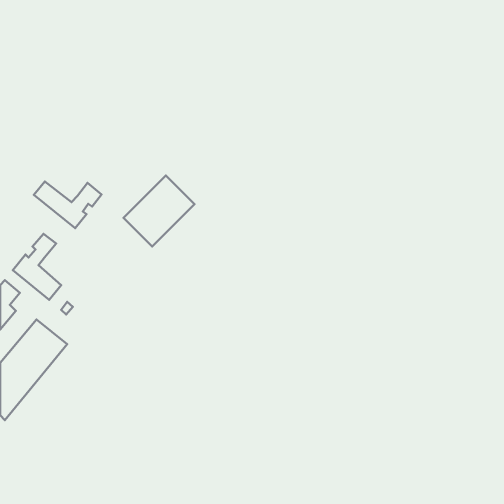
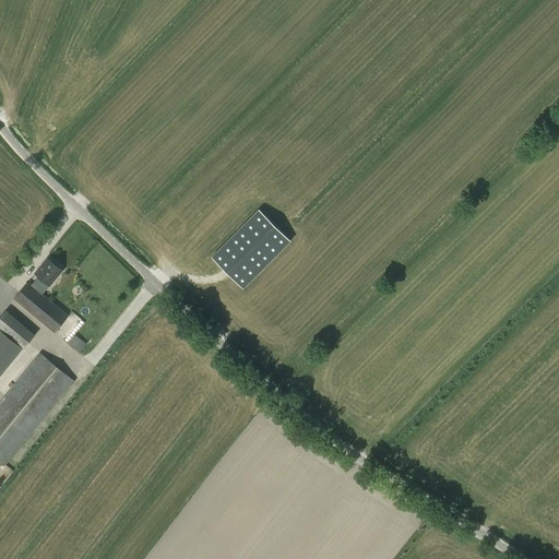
building: [123,175,194,246] -> [212,210,290,288]
building: [34,182,101,228] -> none

